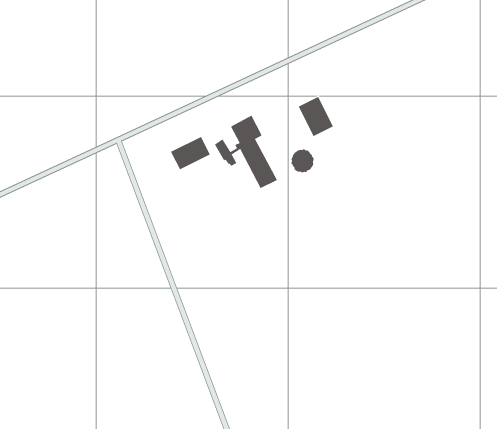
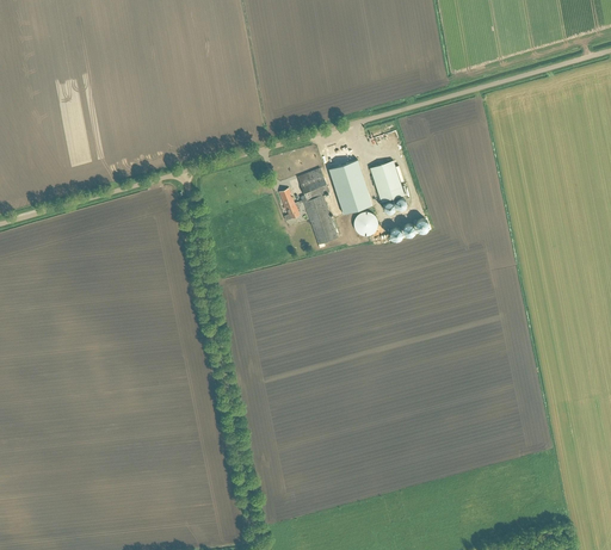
building: none -> [328,159,372,214]
building: [170,136,211,170] -> none

